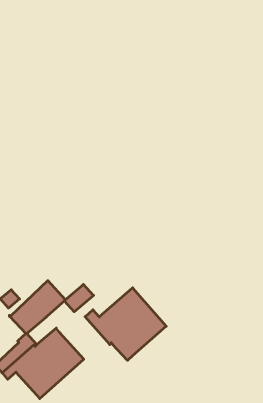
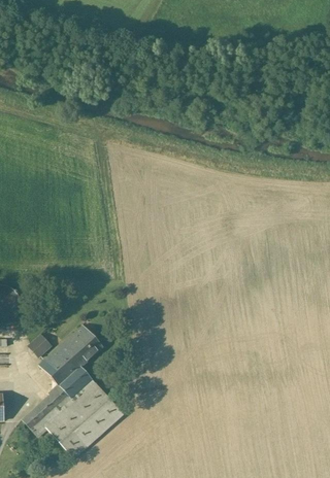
building: [64,284,94,312] -> [59,366,92,397]
building: [85,288,166,360] -> none

